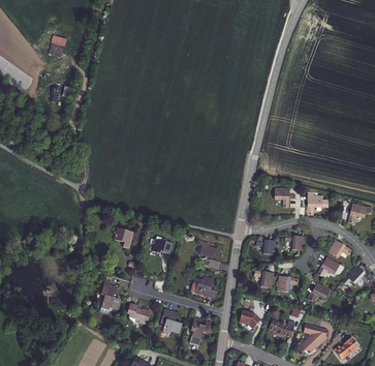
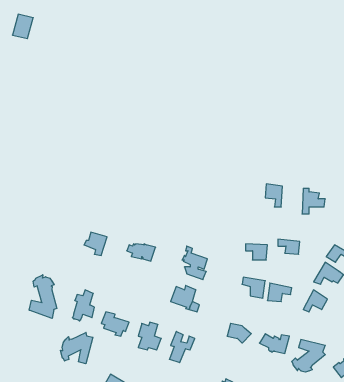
building: none -> [29,275,57,318]
building: none -> [60,332,93,364]

